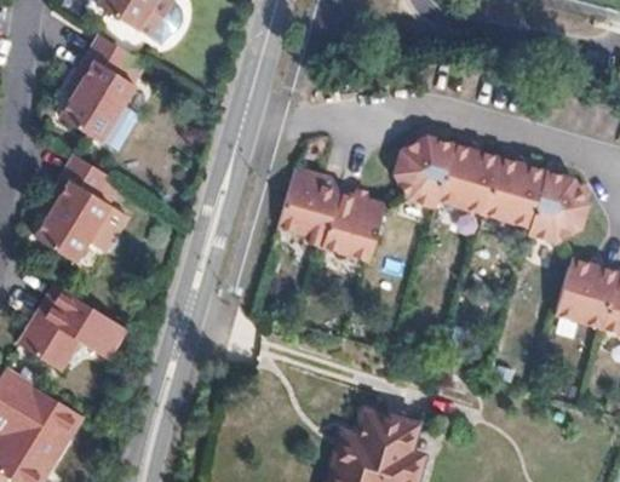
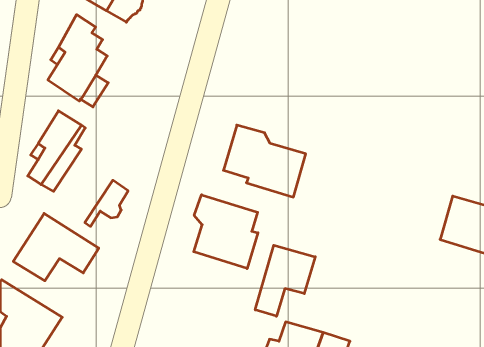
building: [396,139,586,241] -> none
building: [68,200,122,258] -> [85,180,128,226]
building: none -> [194,195,258,269]
building: none -> [255,245,315,316]

